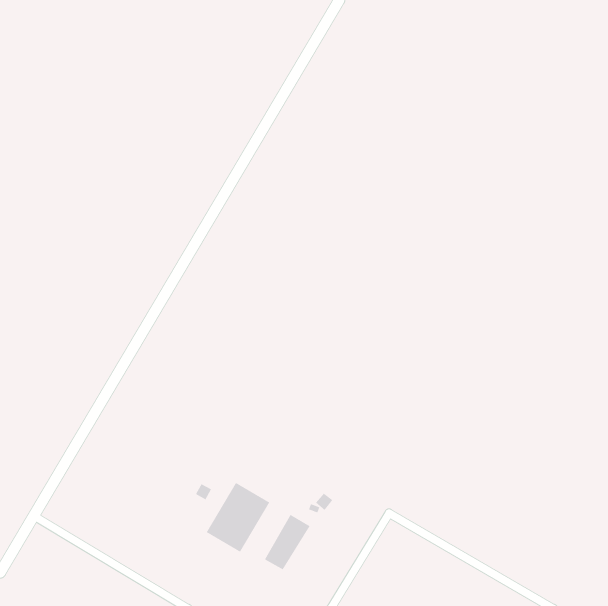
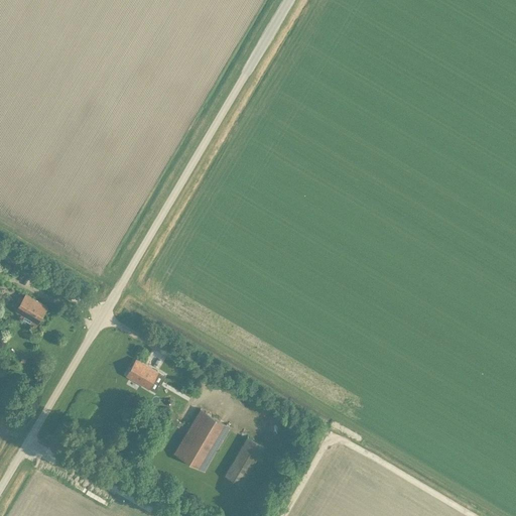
building: none -> [16,295,46,328]
building: none -> [126,360,155,388]

